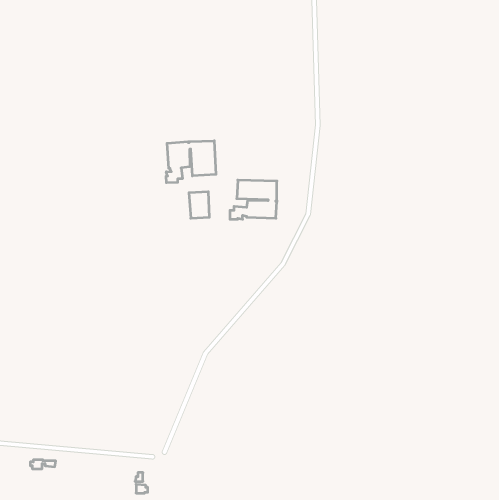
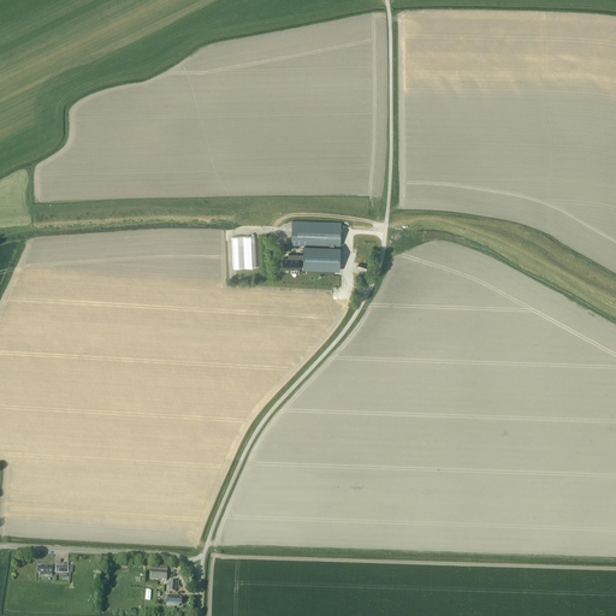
building: [166,141,216,183] -> none

